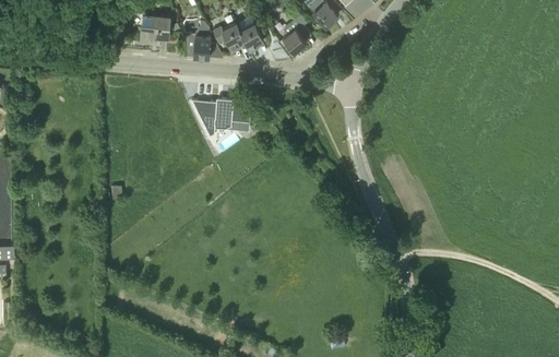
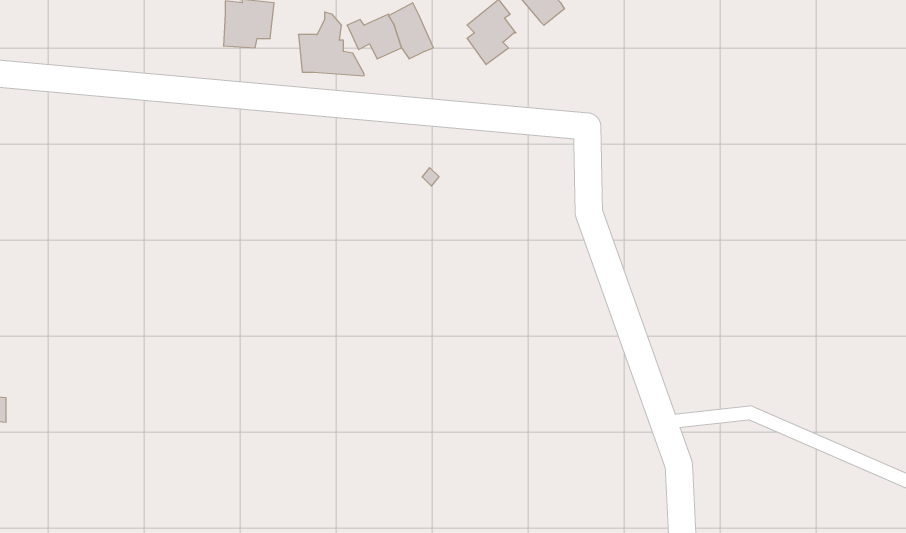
building: [192,99,251,136] -> none

